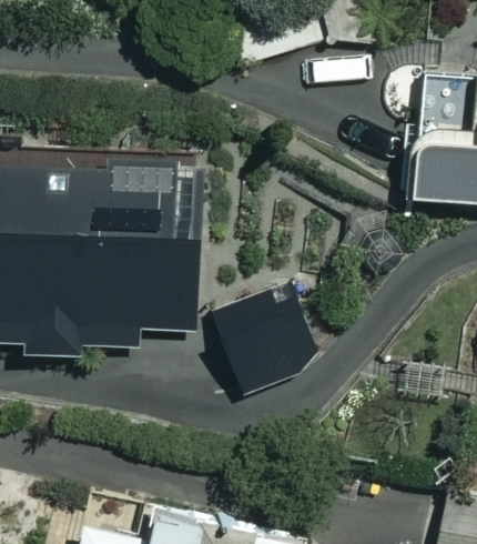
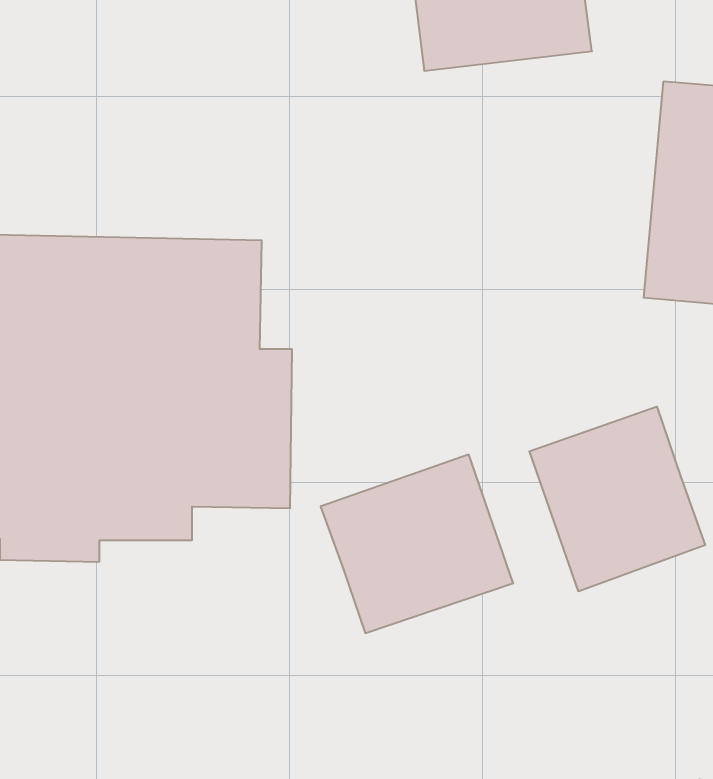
building: none -> [529,407,705,591]

